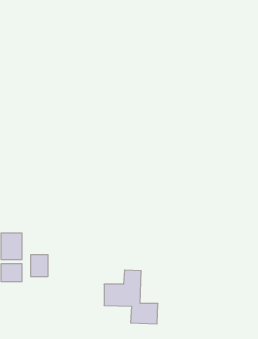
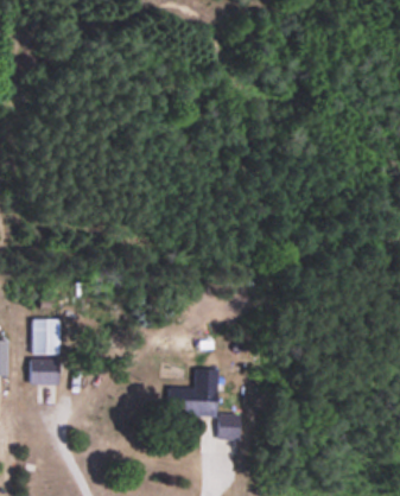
building: [31,255,48,277] -> none

